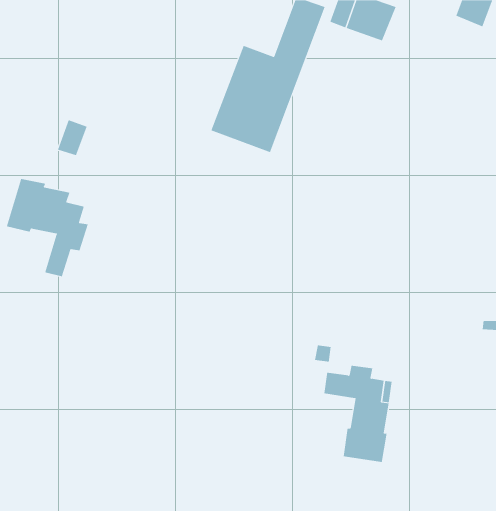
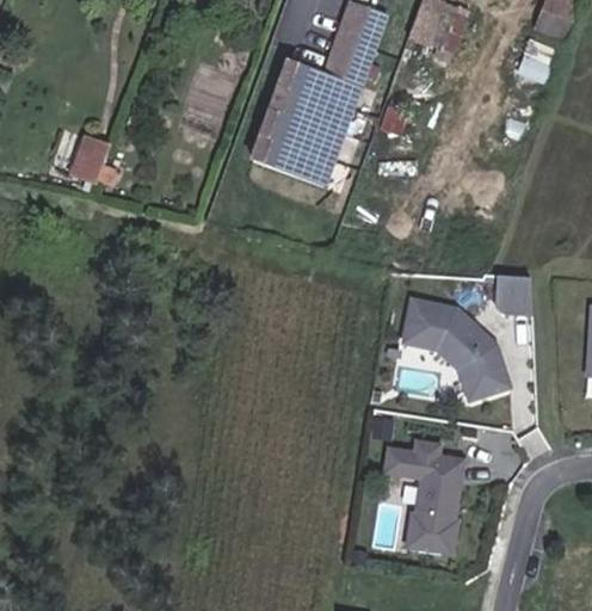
building: [6,178,88,277] -> none
building: none -> [495,274,535,314]
building: none -> [411,302,512,397]

